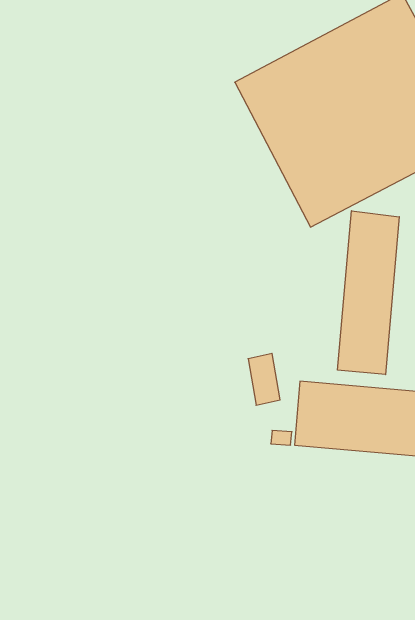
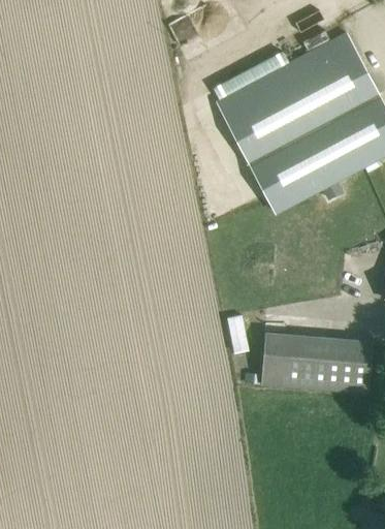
building: [338,211,399,375] -> none

